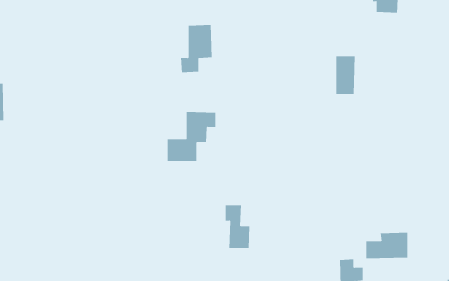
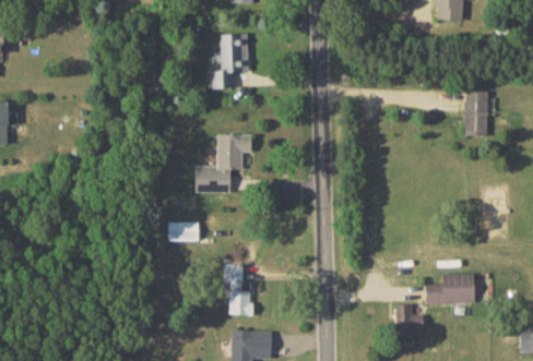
building: [336,56,355,94] -> [464,92,487,136]
building: none -> [168,221,199,242]
building: [225,205,250,248] -> [224,265,253,315]

